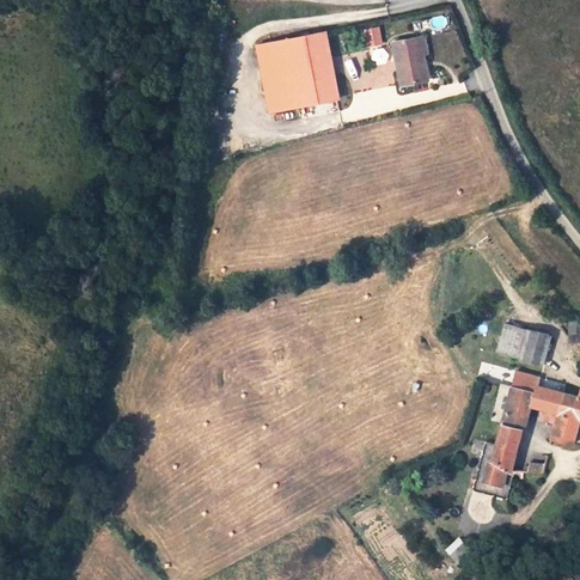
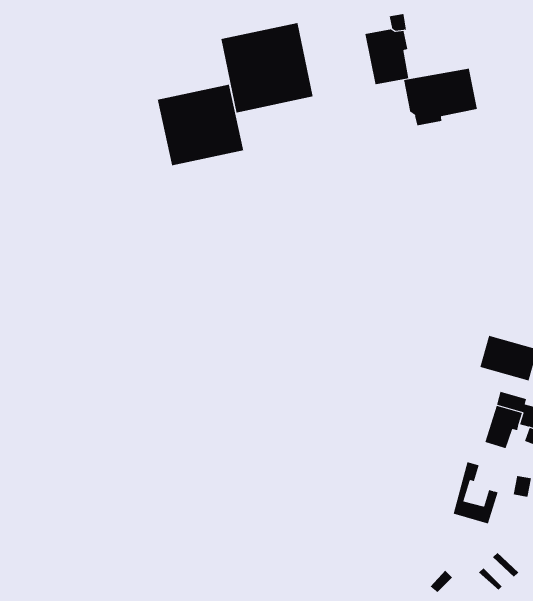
building: none -> [404,68,477,126]
building: none -> [157,84,244,166]
building: [482,423,521,483] -> none

